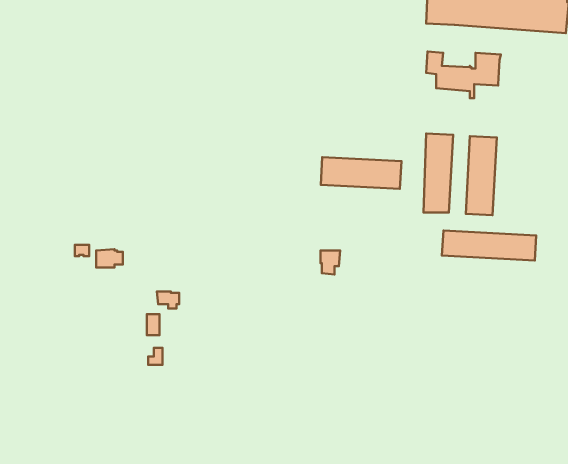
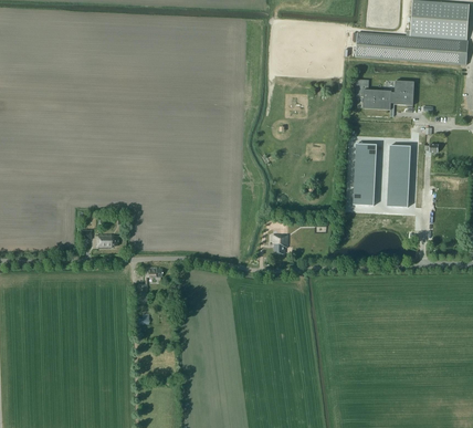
building: [321,157,401,189] -> none
building: [442,230,536,260] -> none

